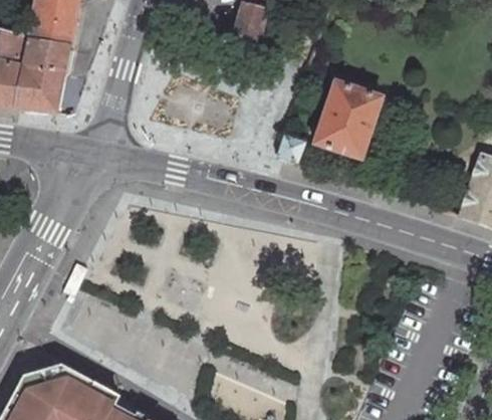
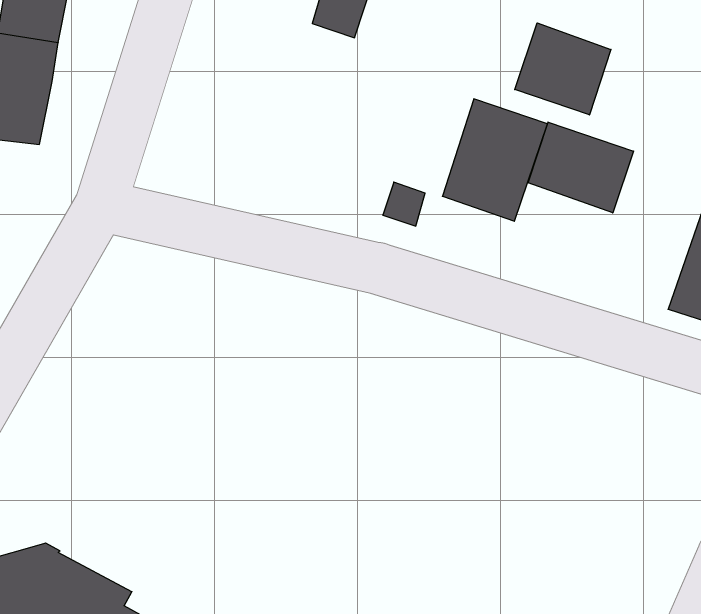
building: none -> [515,23,611,115]
building: none -> [528,122,634,213]

